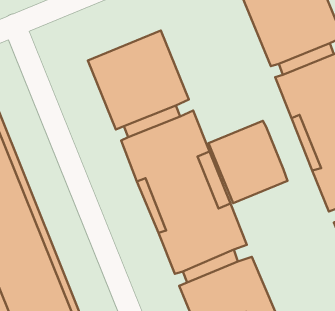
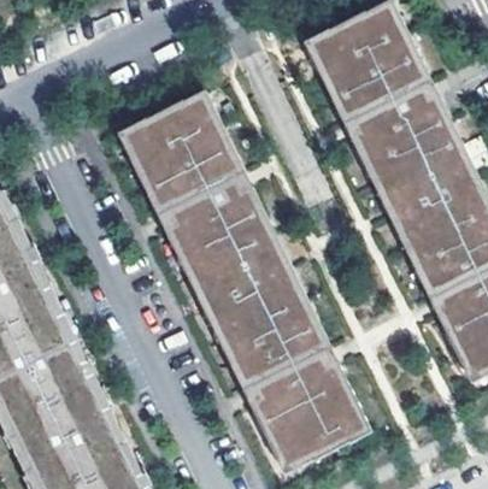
building: [208,121,288,203] -> none

